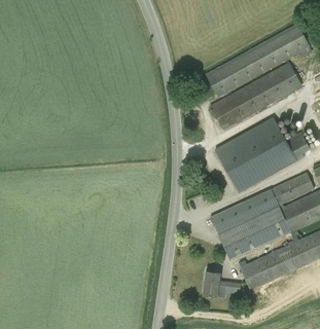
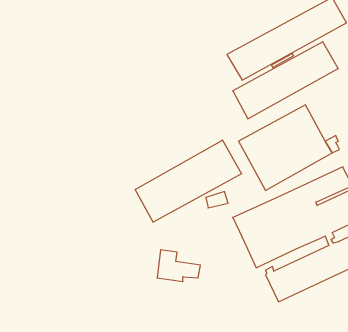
building: none -> [135,140,242,222]
building: [203,269,241,297] -> [157,250,200,281]

